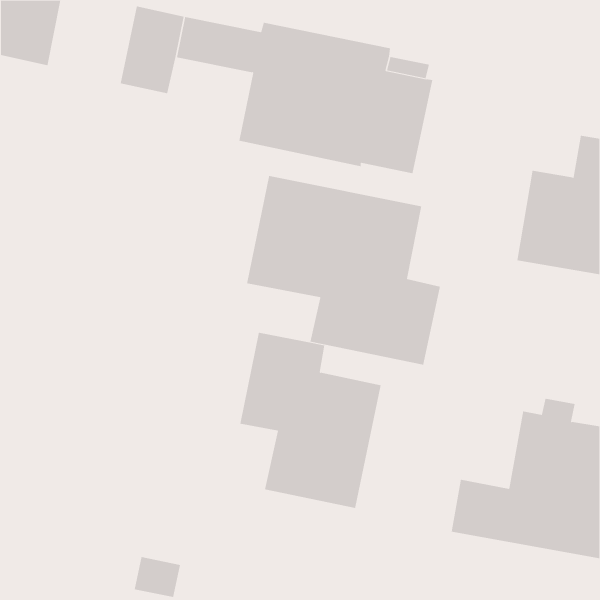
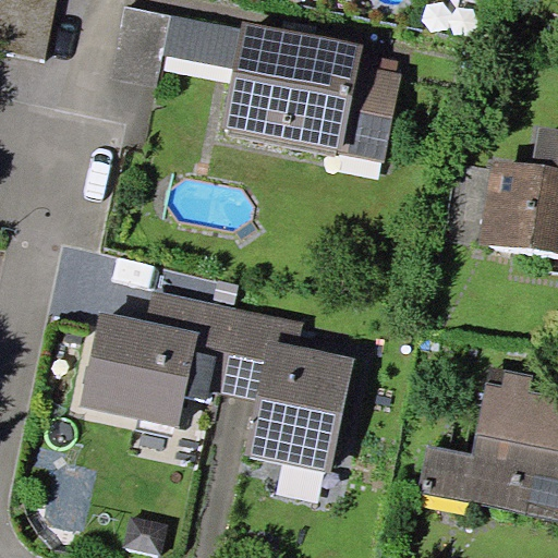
building: [247,175,441,365] -> none
building: none -> [80,290,240,427]

